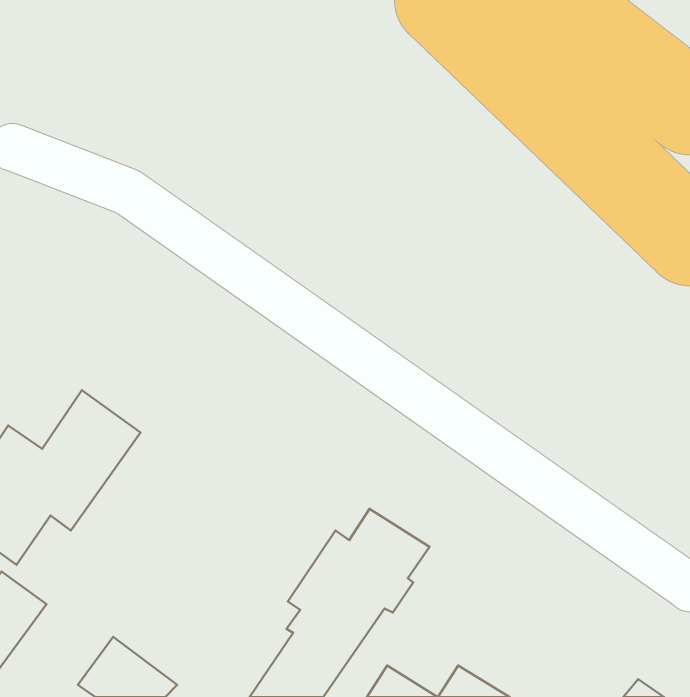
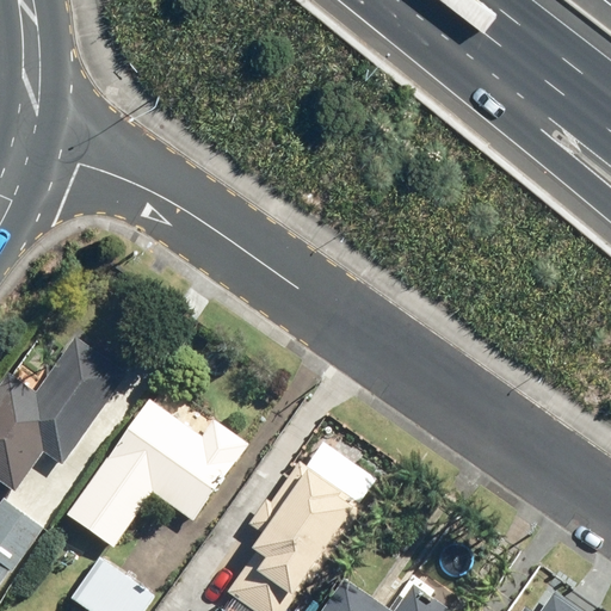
building: none -> [66,395,248,548]

